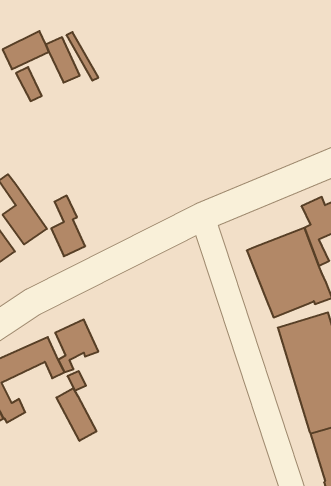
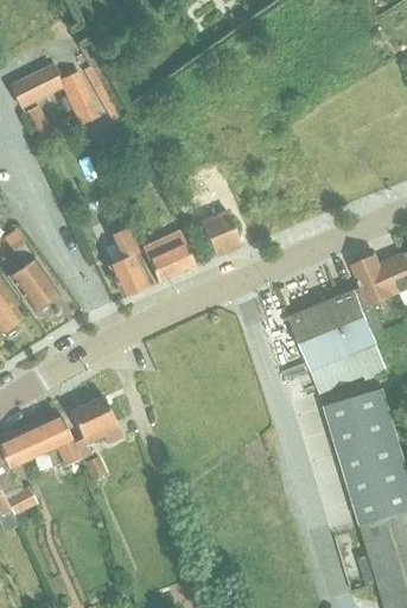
building: none -> [201,209,240,254]
building: none -> [142,230,195,279]
building: [51,196,85,256] -> [108,226,147,296]
building: [56,388,96,441] -> none

